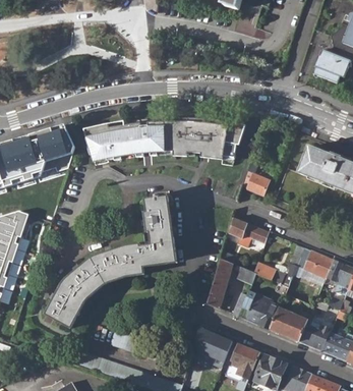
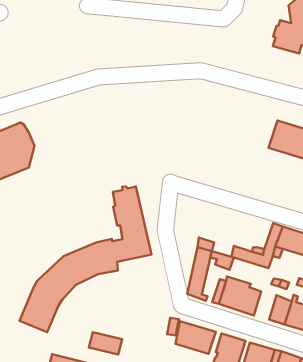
building: [85,117,247,162] -> none
building: [243,161,271,196] -> none
building: [229,217,269,246] -> none
building: [270,306,293,334] -> none

